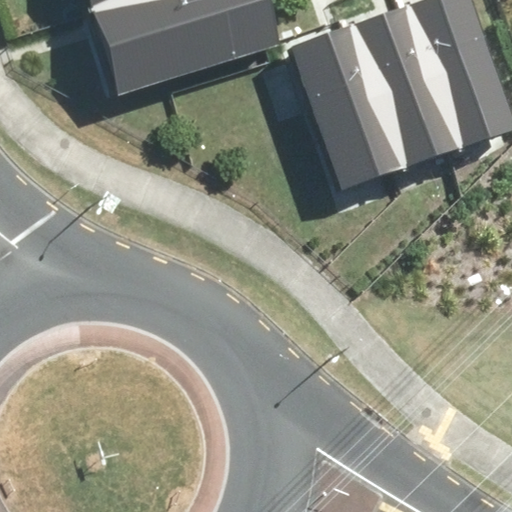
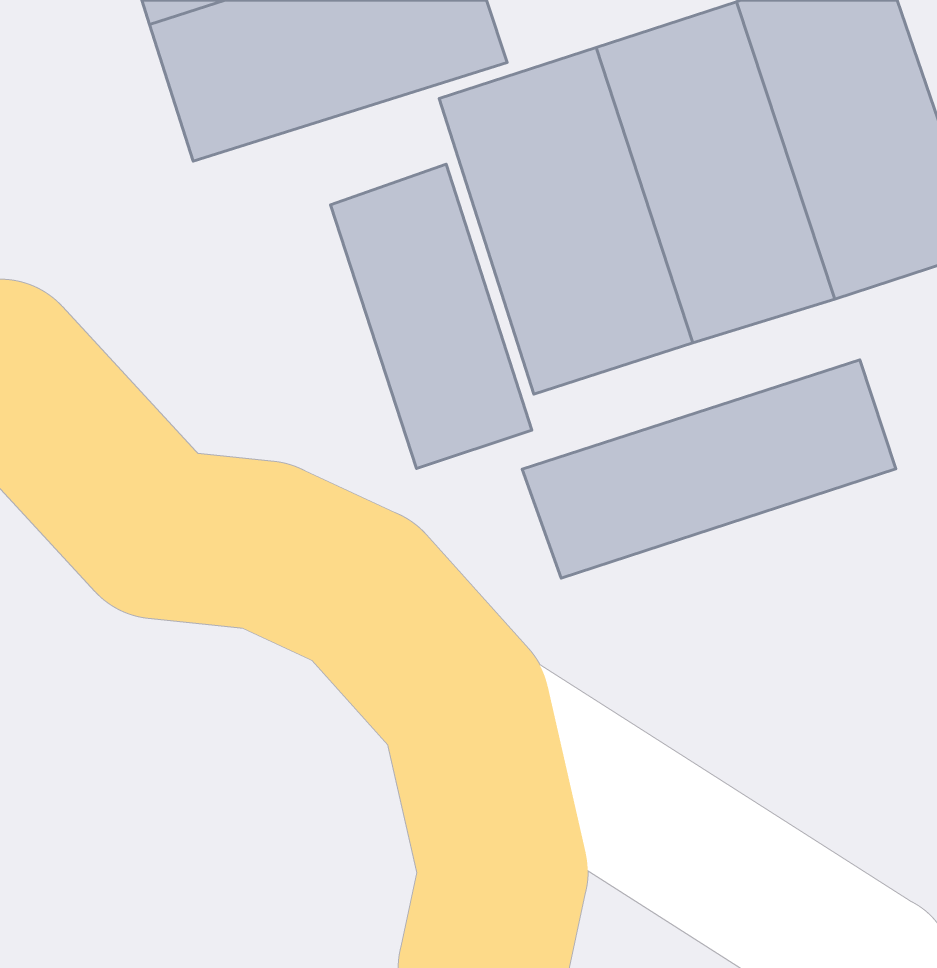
building: none -> [330,164,532,468]
building: none -> [522,360,896,578]

